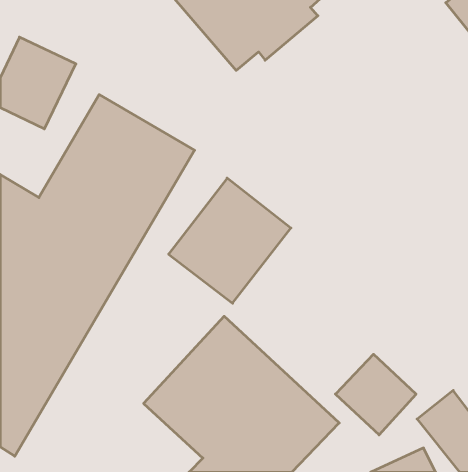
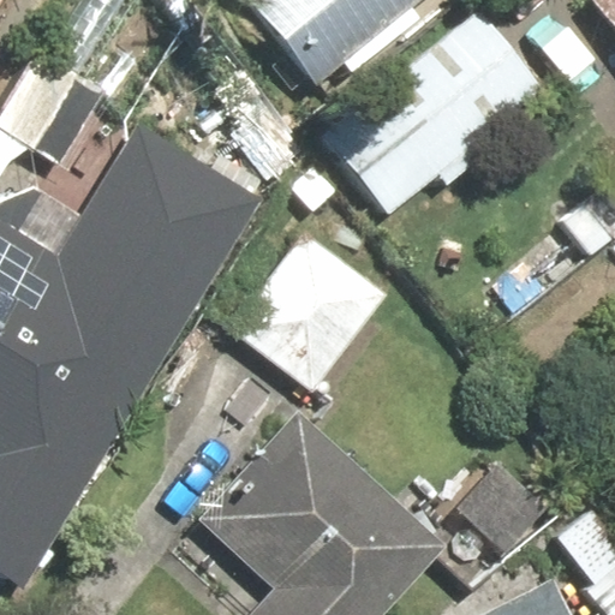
building: none -> [322,7,543,216]

